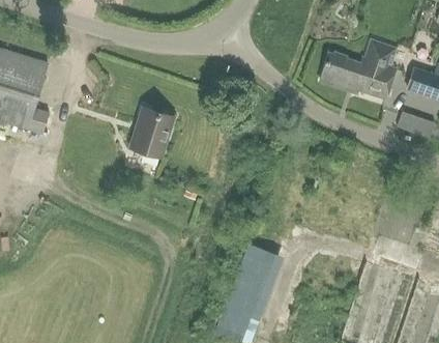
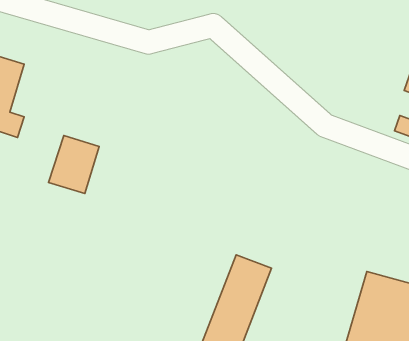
building: [319,39,397,98] -> none
building: [127,105,175,160] -> [49,135,99,194]

